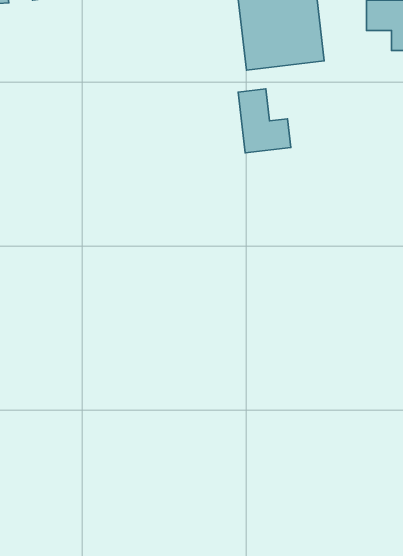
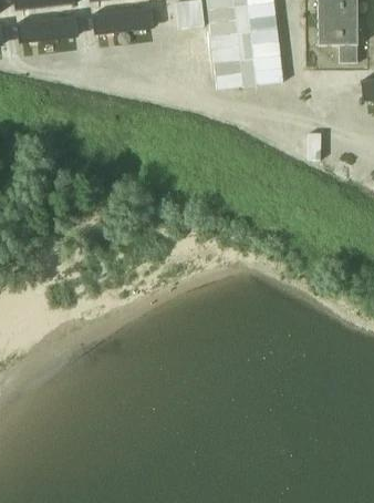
building: [238,89,291,153] -> none

